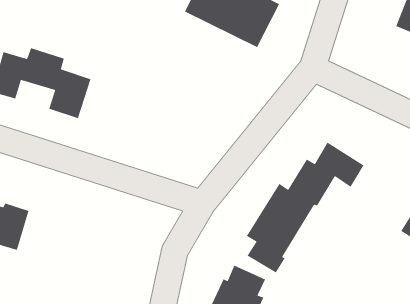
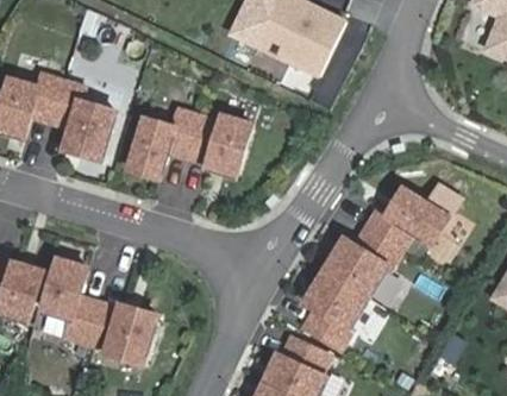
building: none -> [130,111,252,178]
building: none -> [40,259,156,364]

